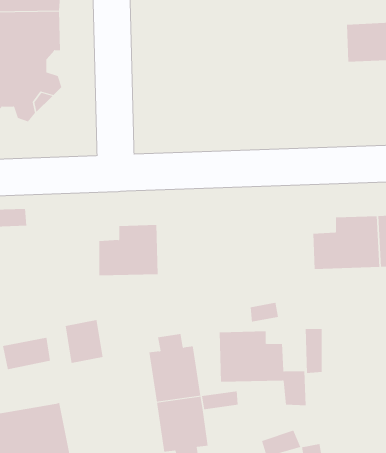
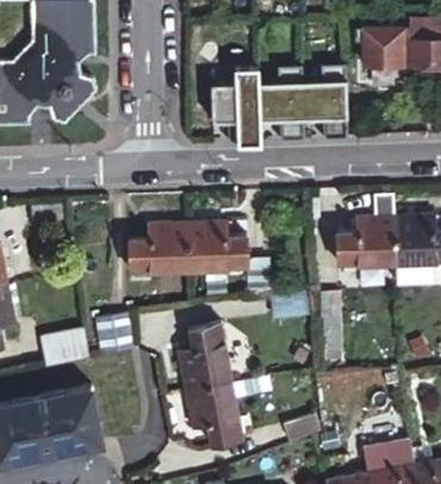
building: none -> [212,63,348,142]
building: [219,331,307,406] -> [187,219,270,290]

